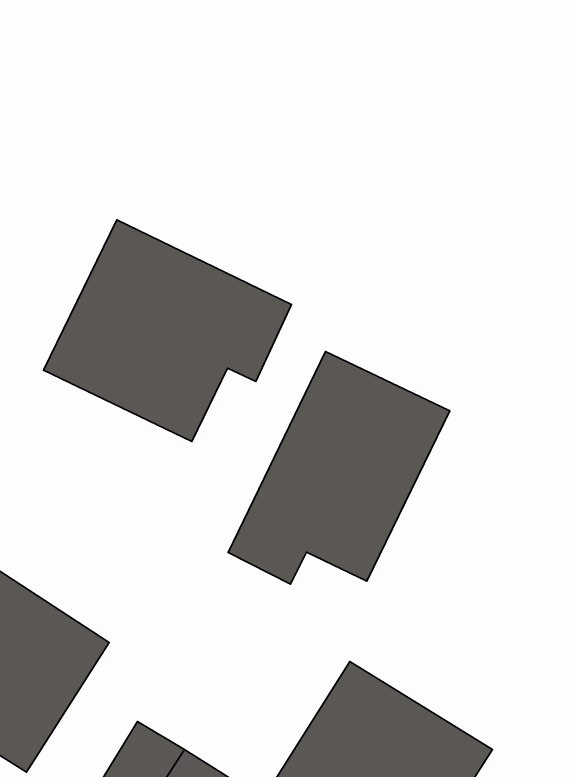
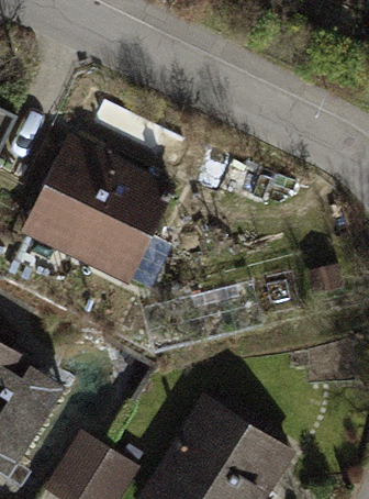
building: [228,351,450,584] -> none

